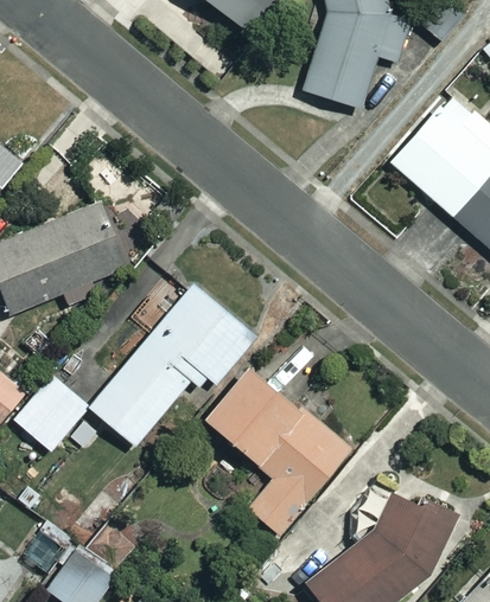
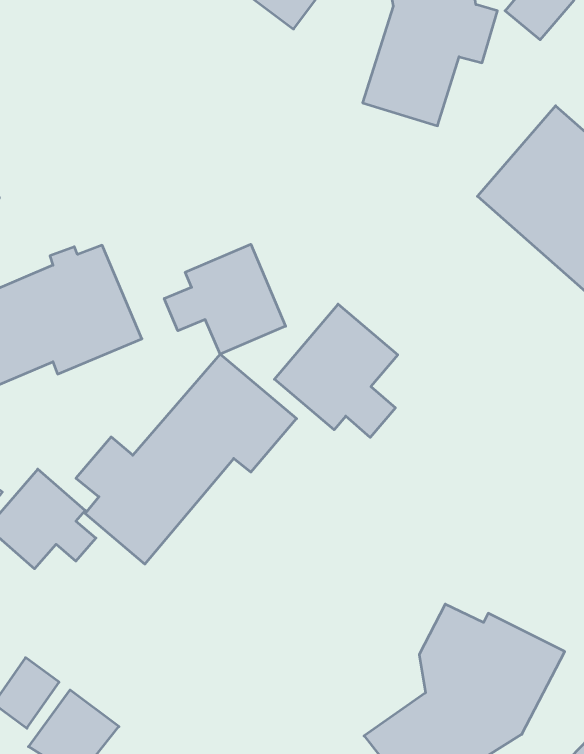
building: none -> [164,244,286,354]
building: none -> [274,304,398,437]
building: [208,369,352,537] -> none

